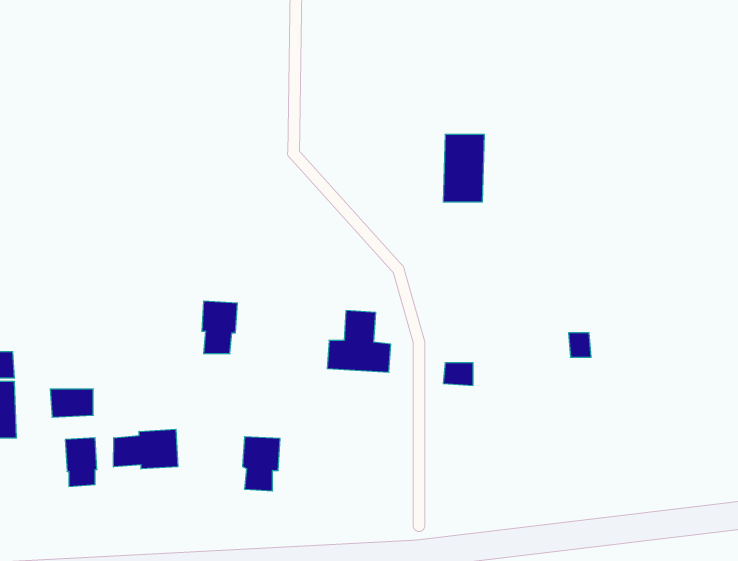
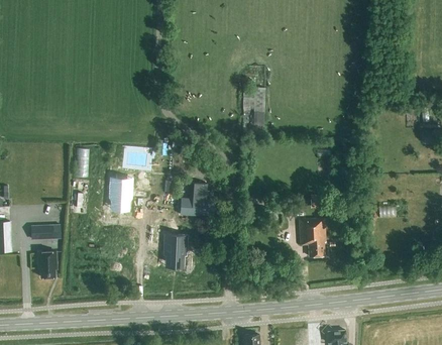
building: none -> [300,219,327,257]
building: [113,429,178,469] -> none
building: [243,437,280,491] -> [165,235,186,264]

